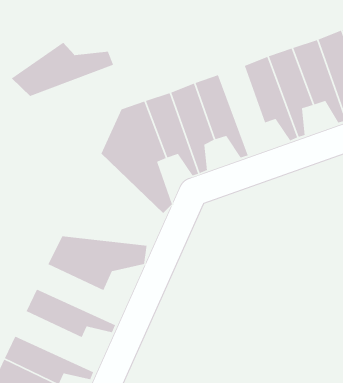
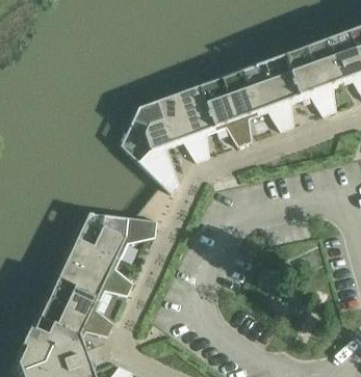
building: [11,42,114,97] -> none
building: none -> [221,66,260,144]
building: none -> [63,238,135,290]
building: none -> [45,278,117,330]

